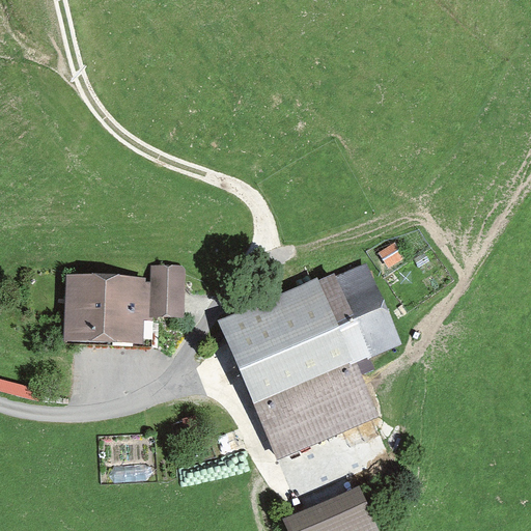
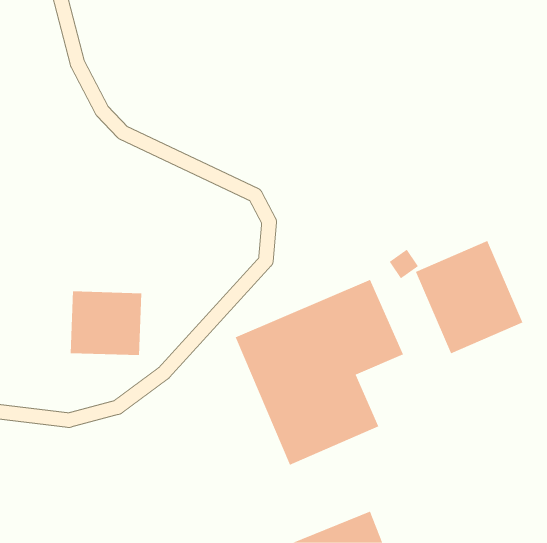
building: none -> [415,240,523,354]
building: [148,261,183,317] -> none

